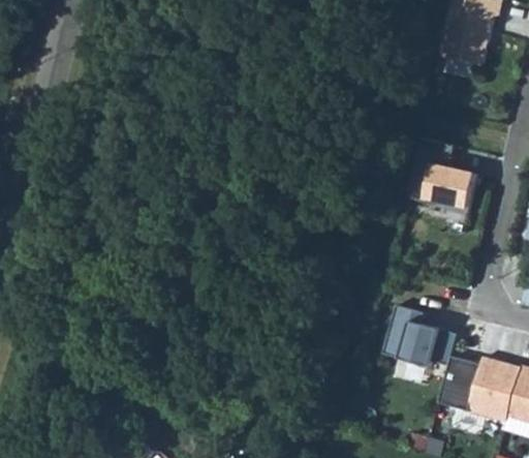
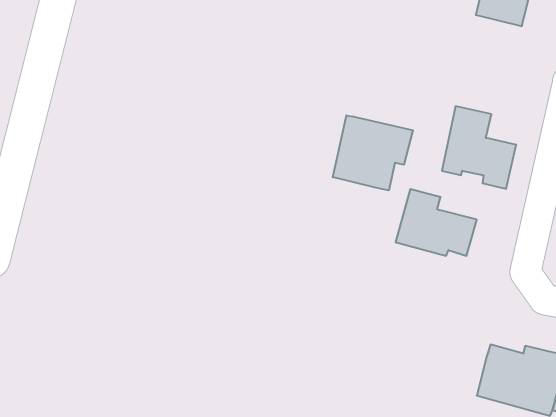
building: none -> [333,115,413,190]
building: [385,306,460,367] -> [396,189,477,256]

